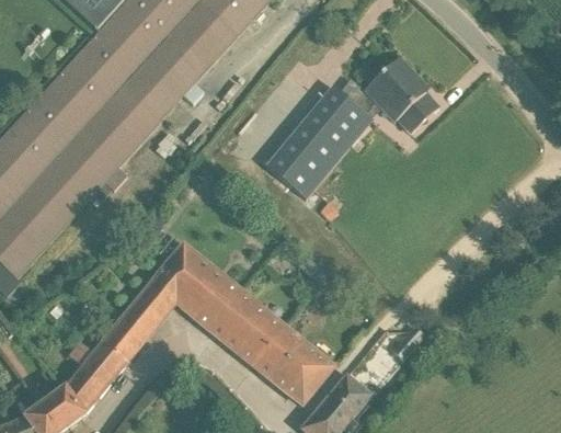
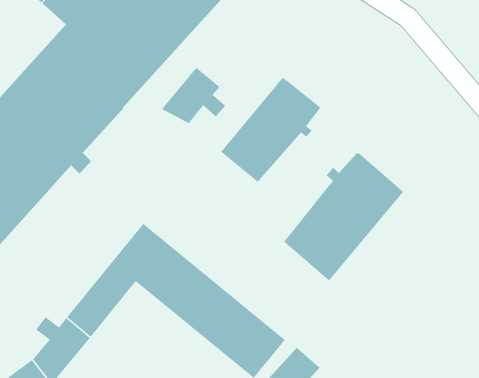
building: [339,58,437,135] -> none
building: none -> [161,67,226,124]
building: none -> [283,153,404,282]

